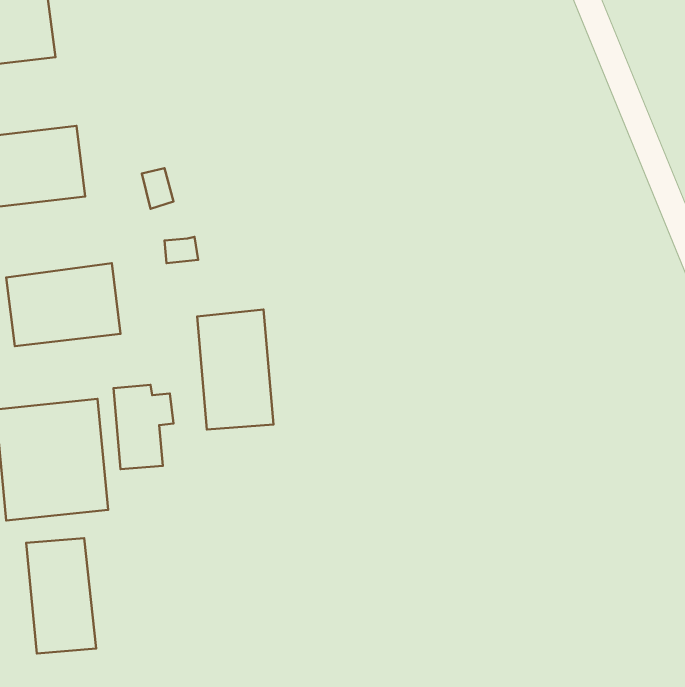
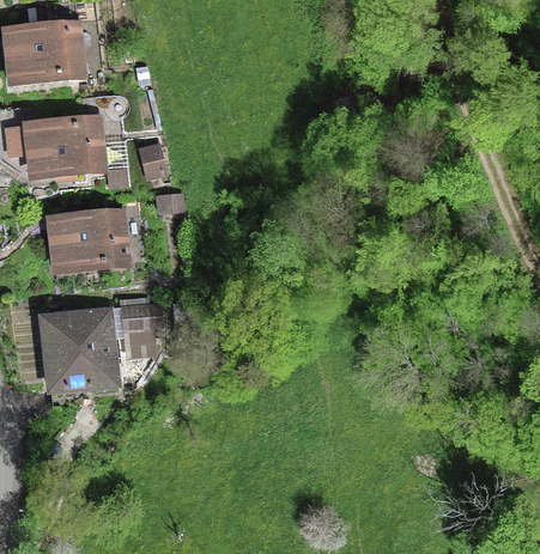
building: [197,310,273,430] -> none
building: [26,538,96,653] -> none

